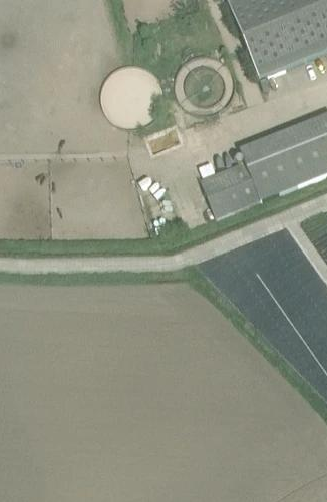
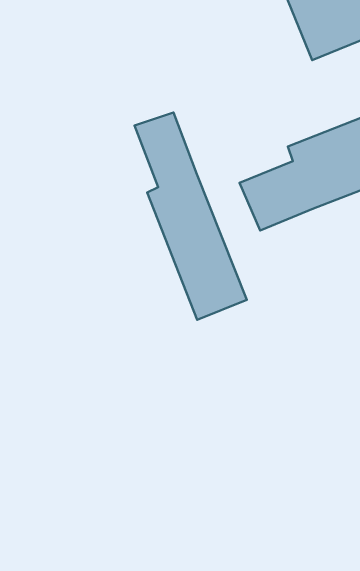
building: none -> [135,113,247,320]

